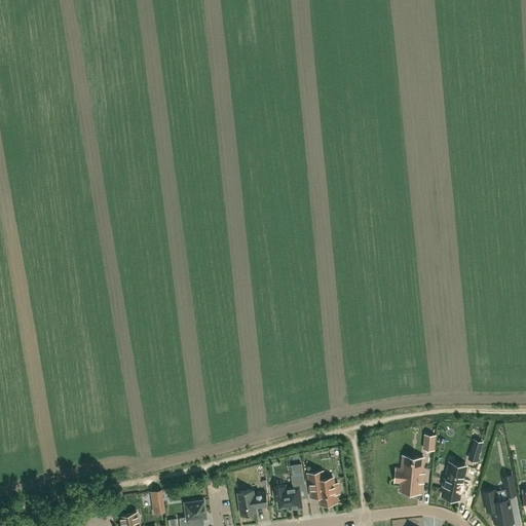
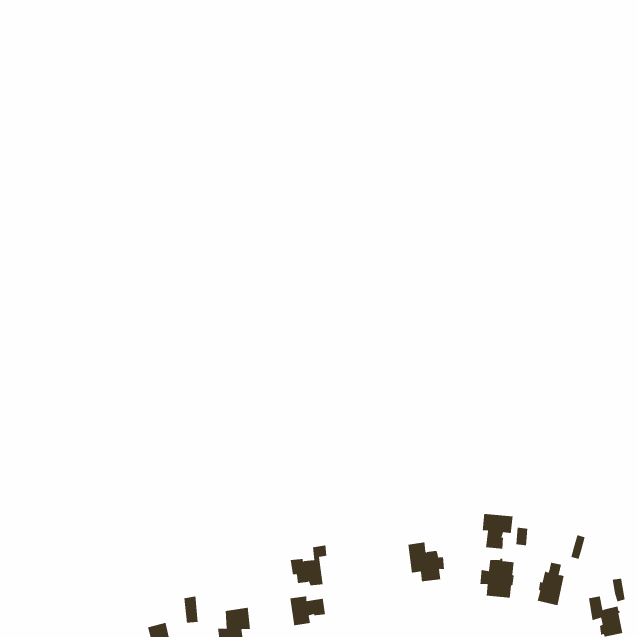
building: none -> [482,513,513,550]
building: [308,472,339,504] -> [408,542,445,582]
building: [273,475,304,509] -> [290,545,327,586]

